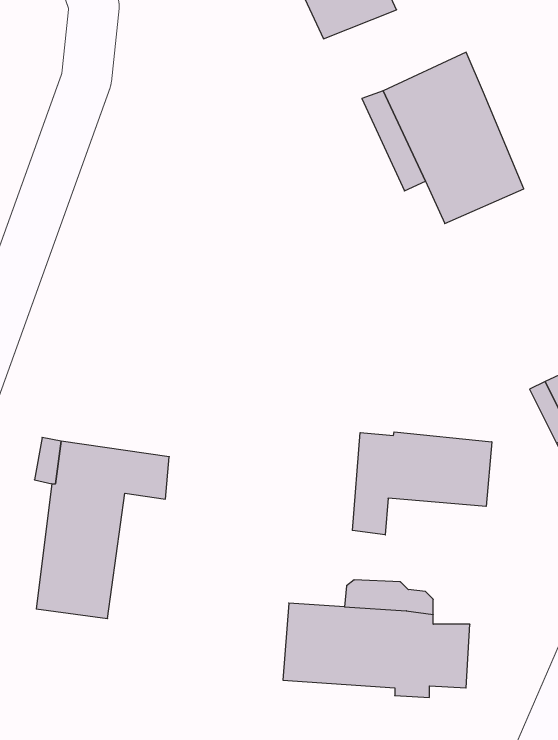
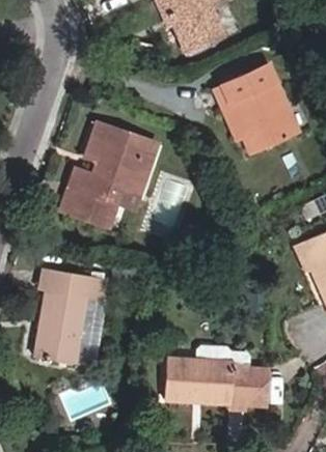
building: none -> [60,120,158,222]
building: [352,432,492,535] -> none

